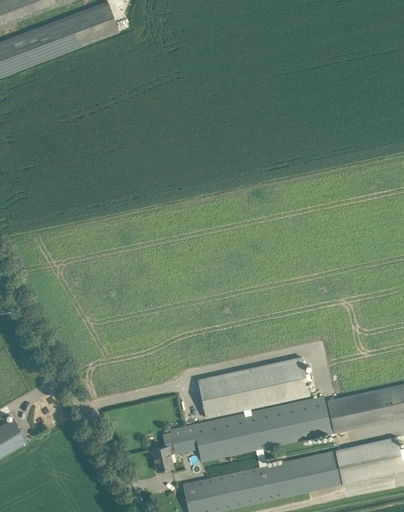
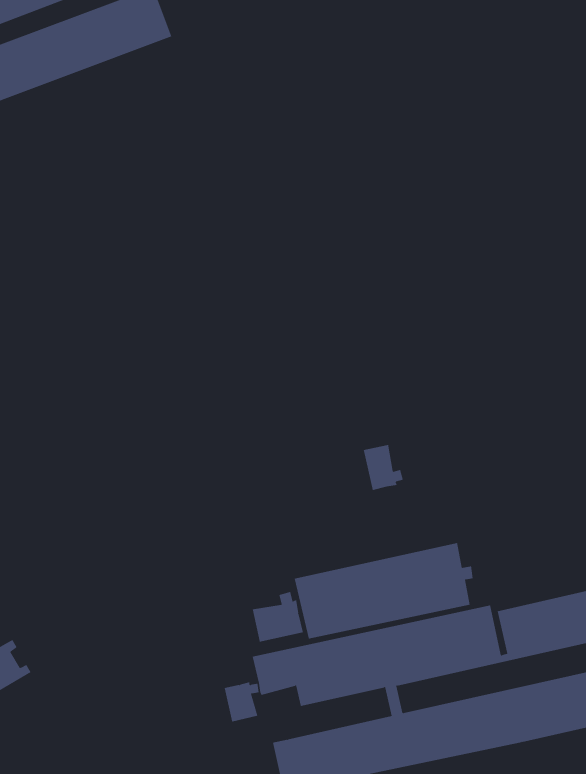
building: none -> [363,444,404,491]
building: none -> [252,591,304,643]

